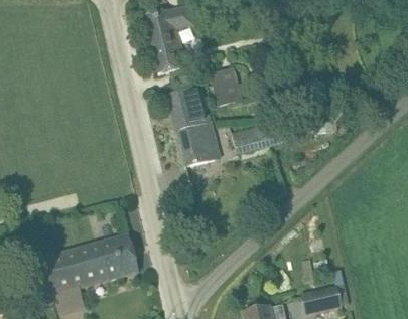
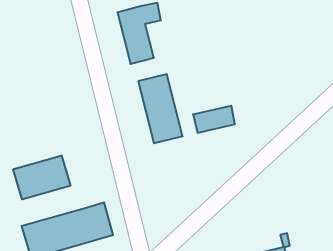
building: [210,66,249,104] -> none
building: none -> [13,155,70,199]

